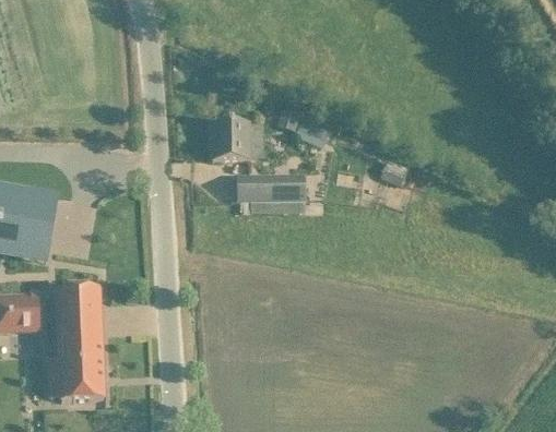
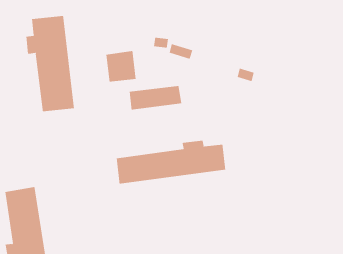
building: none -> [26,15,74,112]
building: none -> [116,140,226,185]

